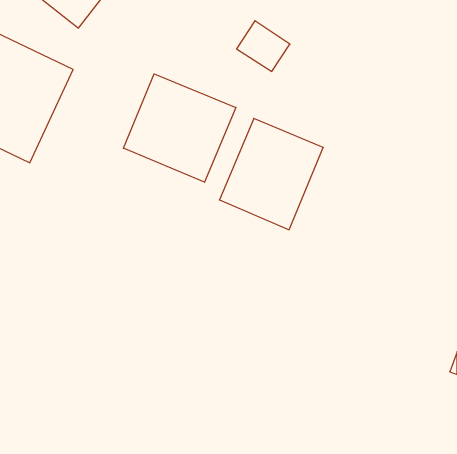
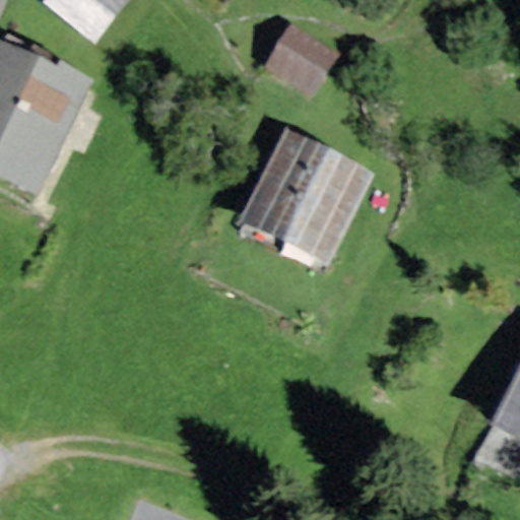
building: [123,74,236,182] -> none

